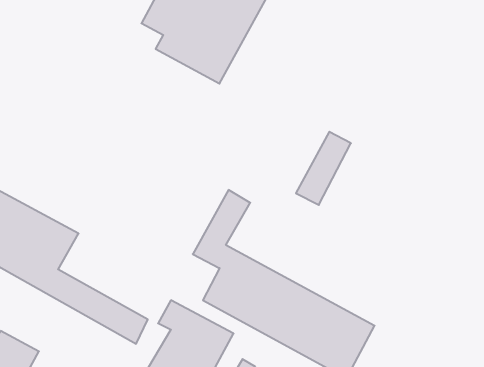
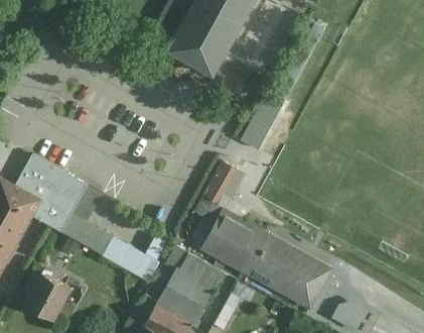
building: [296,132,351,205] -> [241,92,284,149]

